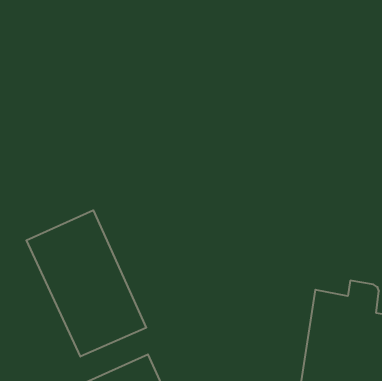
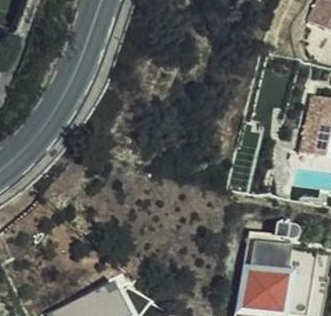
building: [26,210,146,357] -> none

